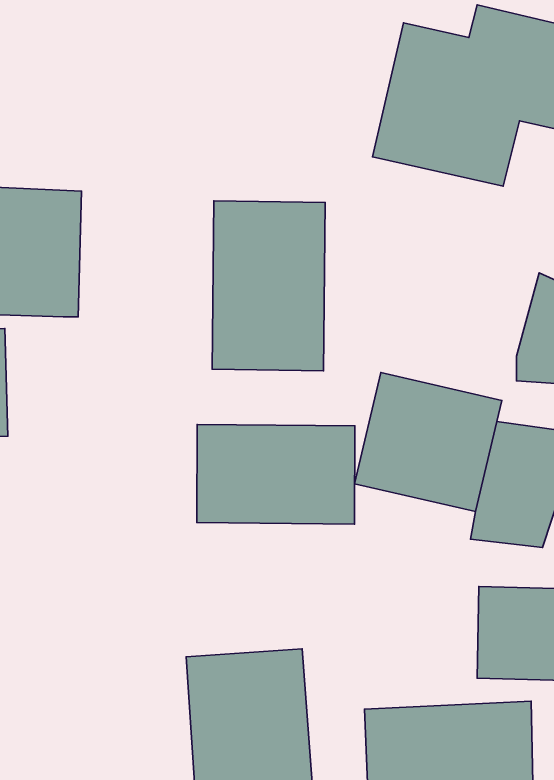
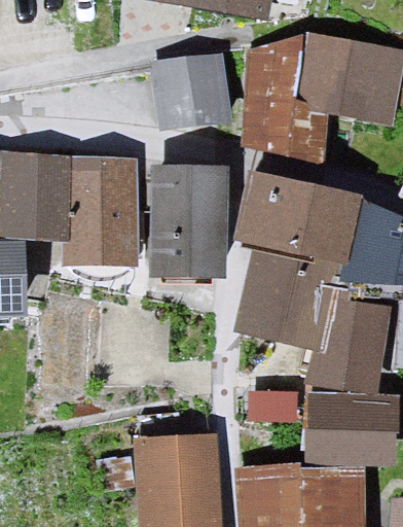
building: none -> [158,61,231,131]
building: none -> [57,153,136,259]
building: none -> [239,176,356,257]
building: [197,424,355,524] -> none

